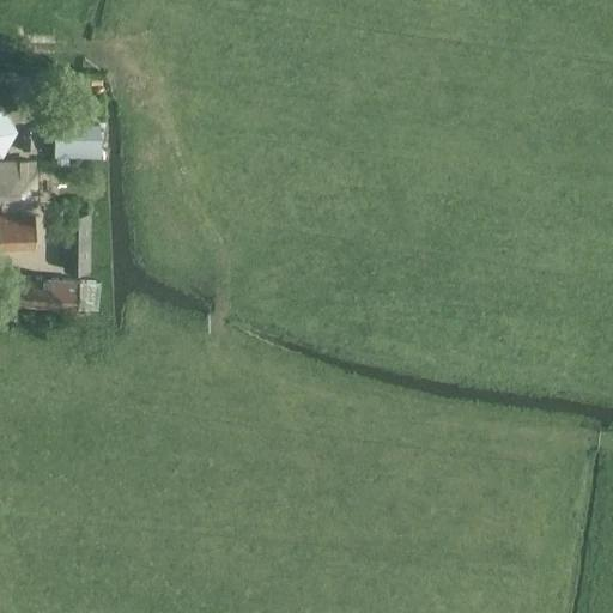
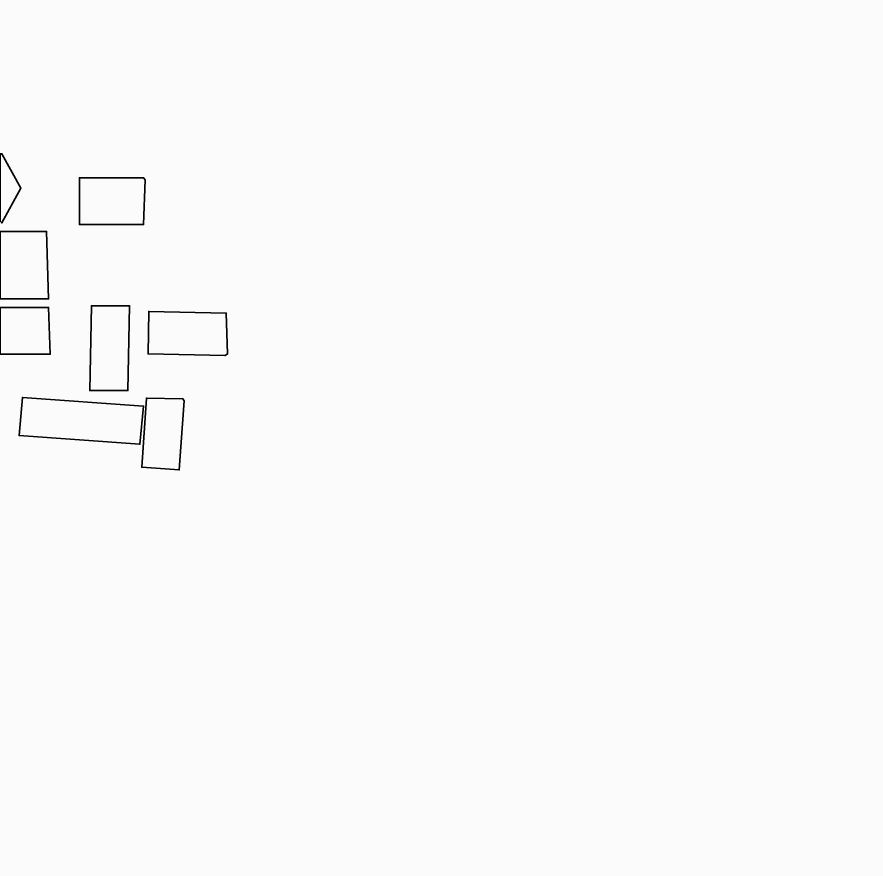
building: none -> [148,312,227,355]
building: none -> [142,398,184,470]

